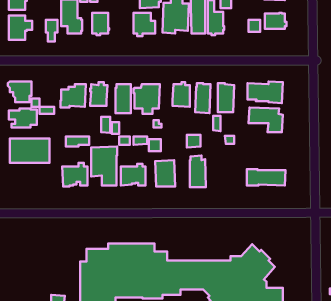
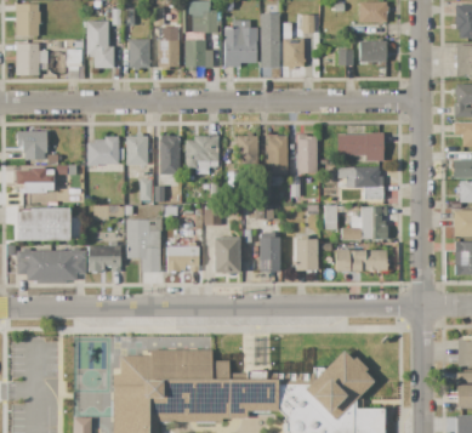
building: none -> [158,27,178,65]
building: none -> [324,204,389,241]
building: none -> [295,234,317,270]
building: none -> [17,247,85,284]

